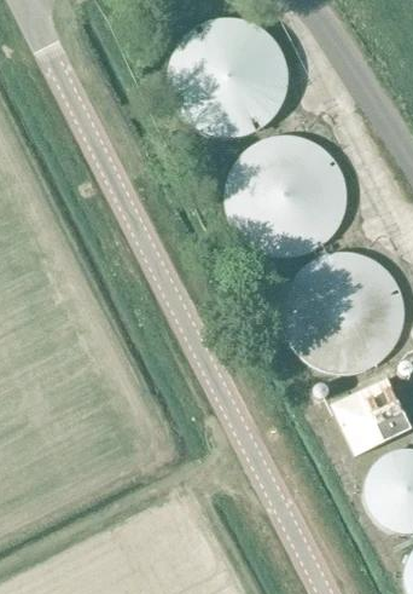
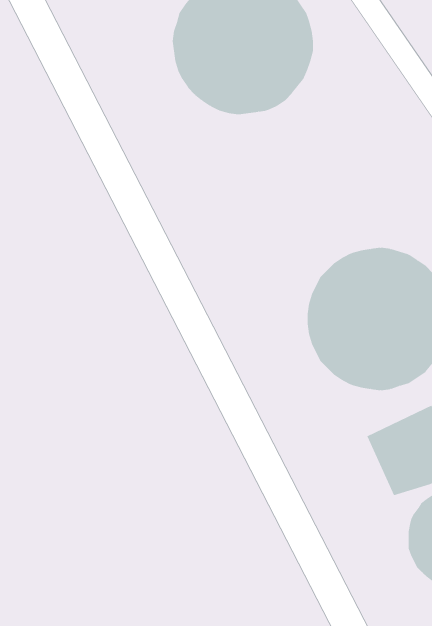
building: [225,133,347,256] -> none

